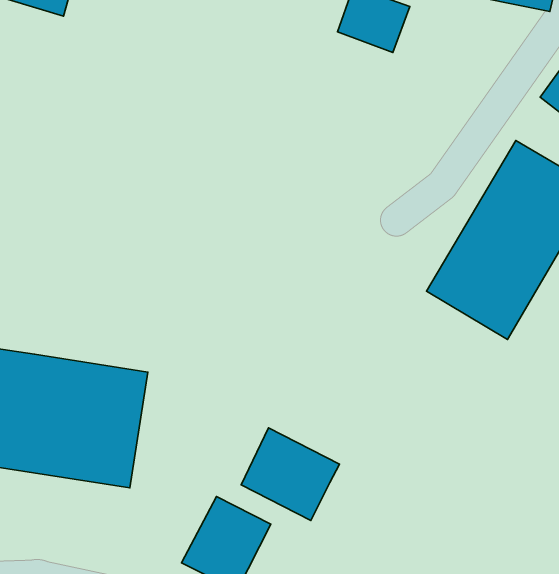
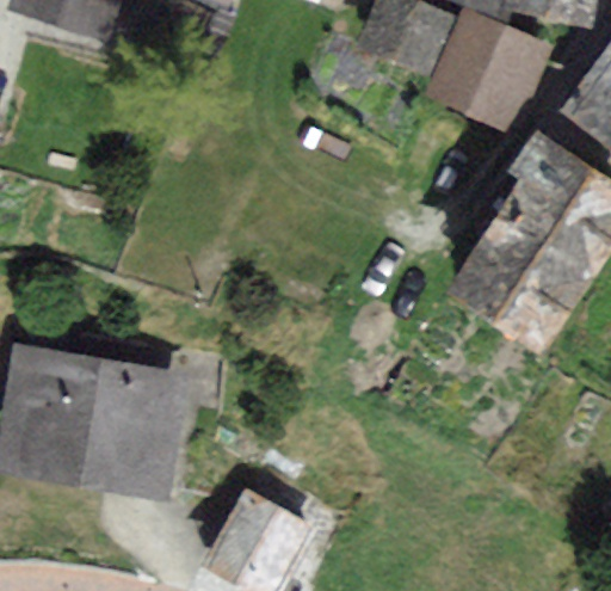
building: none -> [433,11,537,118]
building: [241,428,339,520] -> none

